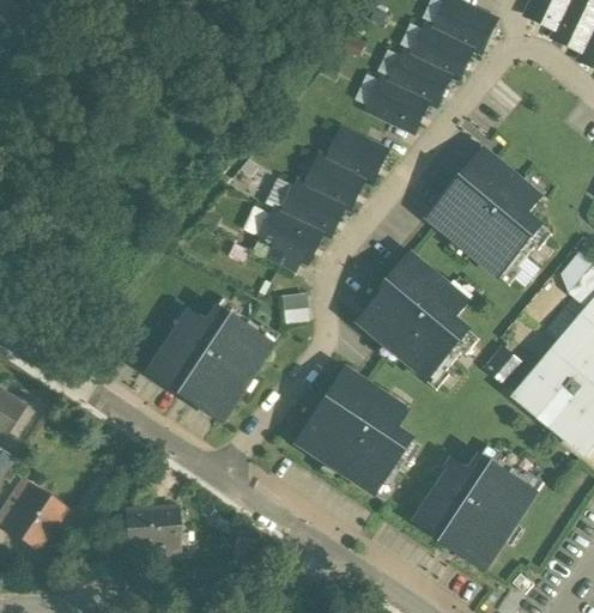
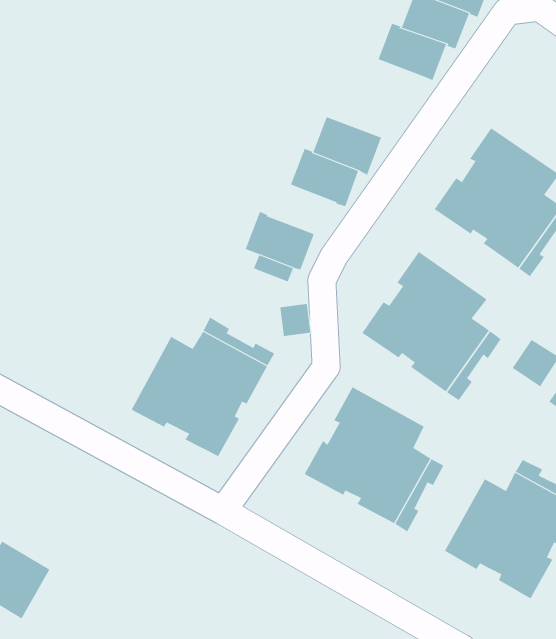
building: [366,75,429,131] -> none
building: [280,180,341,235] -> none
building: [125,506,175,559] -> none

